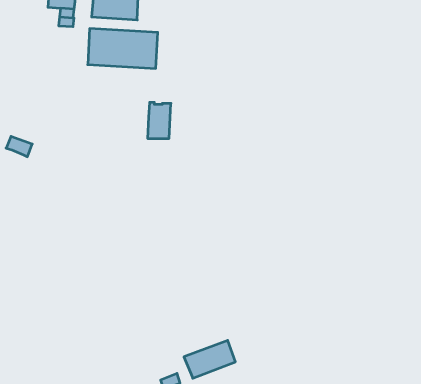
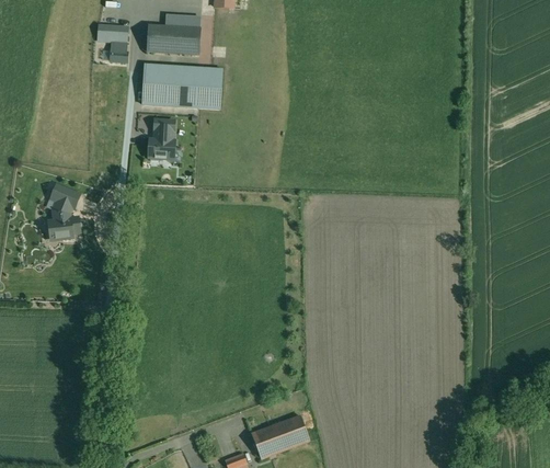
building: [148,102,171,138] -> [149,117,175,158]
building: none -> [48,201,80,238]

